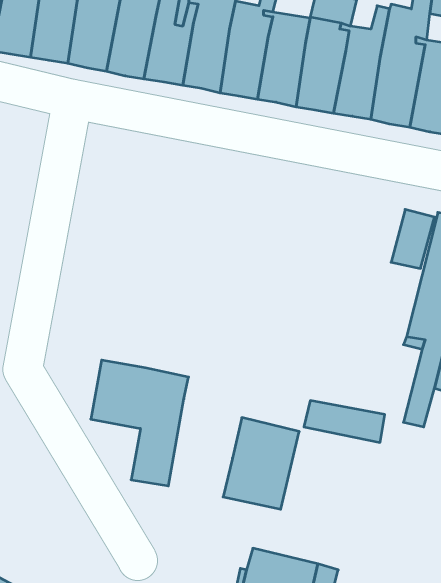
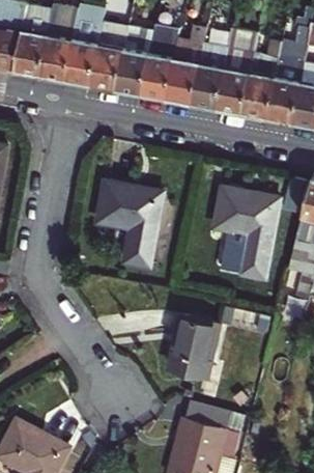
building: none -> [212,188,279,279]
building: [91,360,189,486] -> [96,183,162,267]

